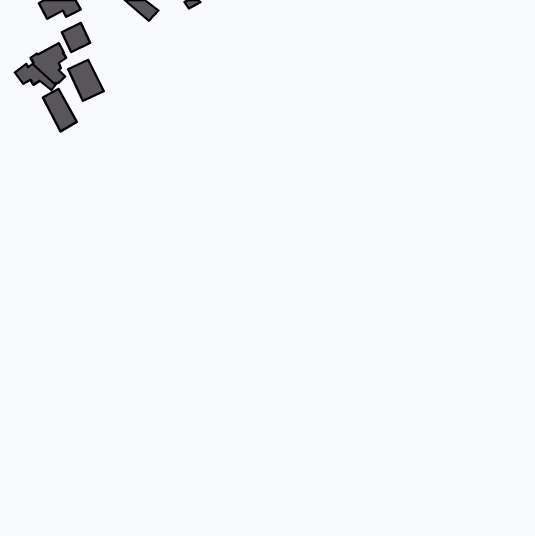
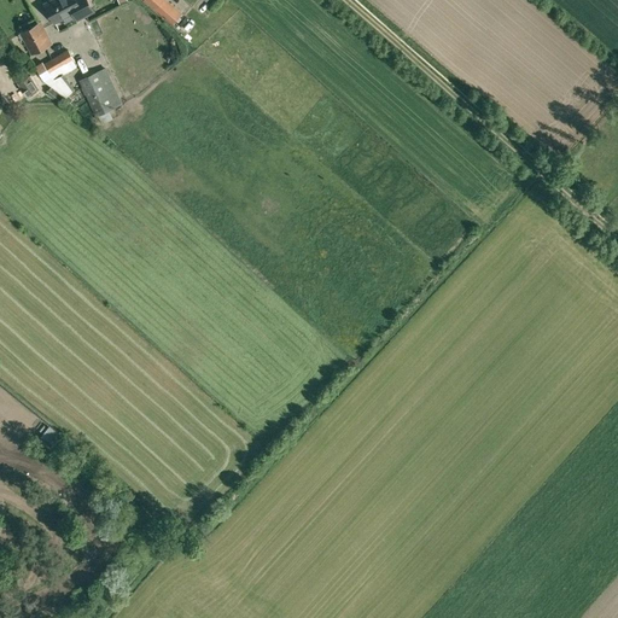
building: [62,23,90,52] -> [21,21,53,54]
building: [43,89,77,131] -> none

